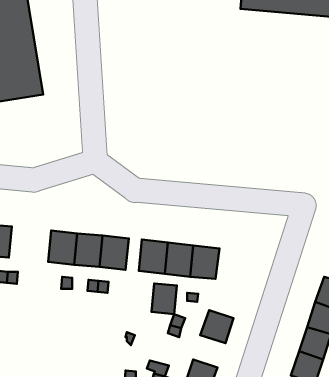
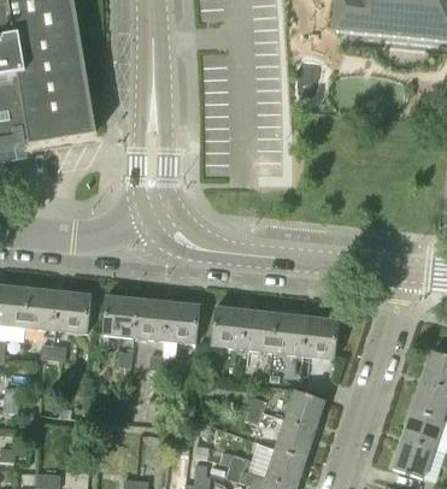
building: none -> [55,291,90,332]
building: none -> [302,318,339,358]
building: [151,283,177,314] -> none
building: none -> [276,422,314,460]

